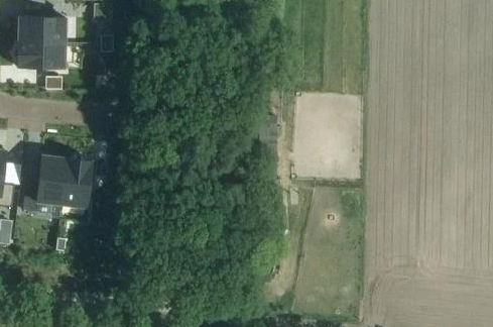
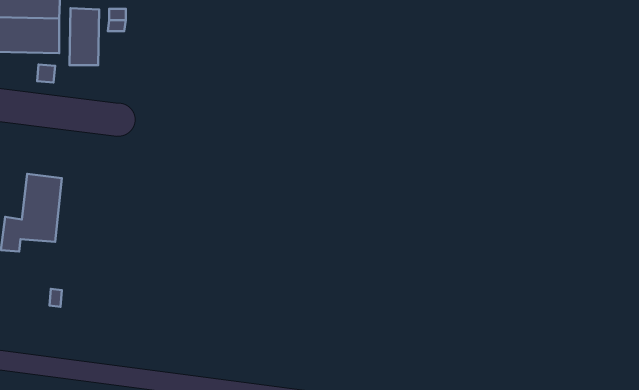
building: none -> [69,8,99,65]
building: [61,157,92,207] -> none

